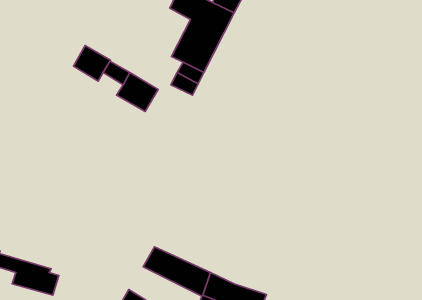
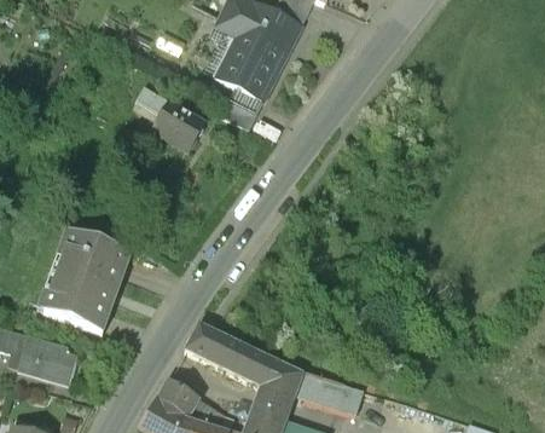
building: [74,46,111,81] -> none
building: none -> [42,233,129,331]

